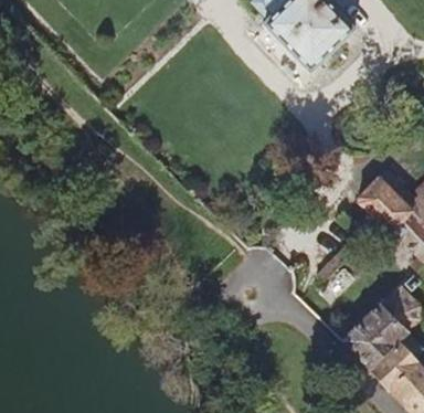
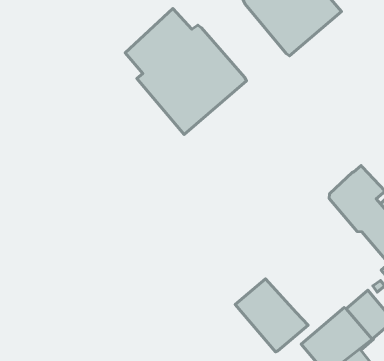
building: none -> [125,8,247,134]
building: none -> [235,279,308,352]

